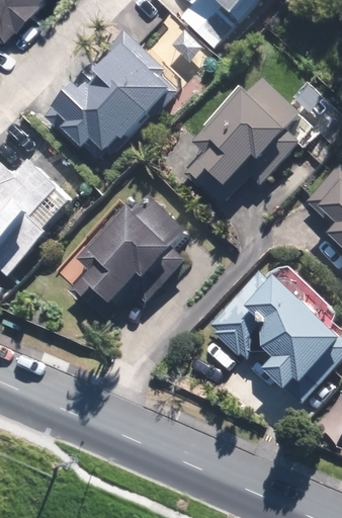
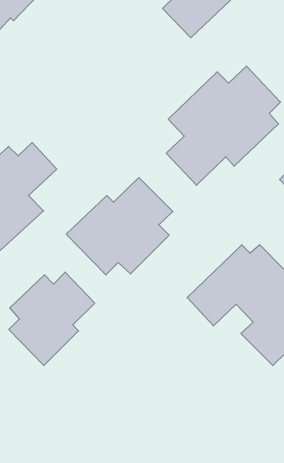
building: [50,36,177,155] -> none
building: none -> [9,272,95,366]

